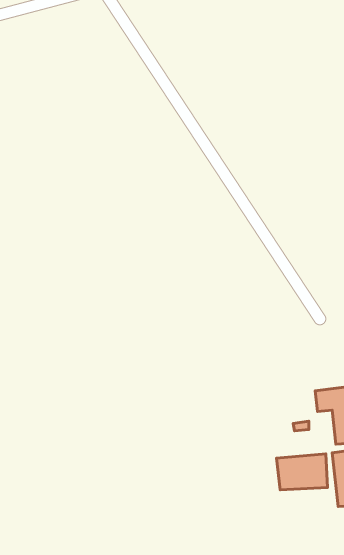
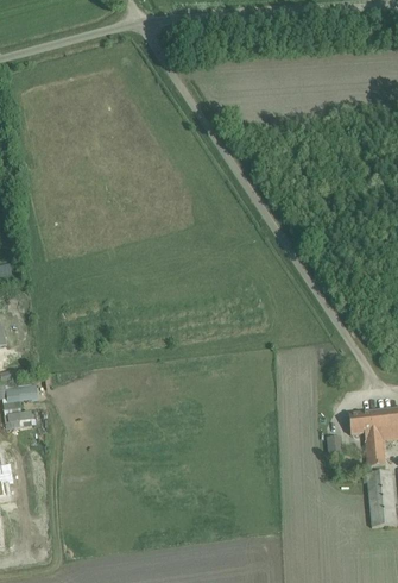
building: [277,454,327,490] -> none

